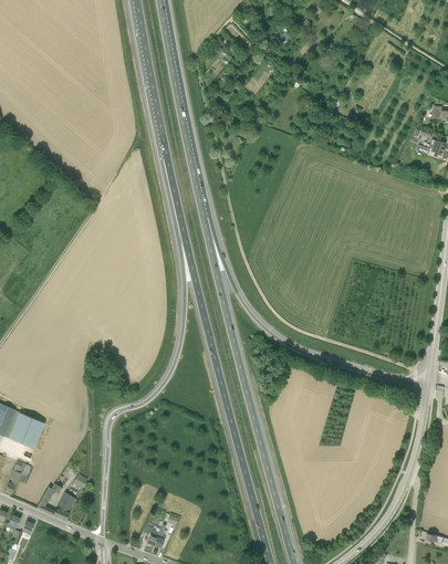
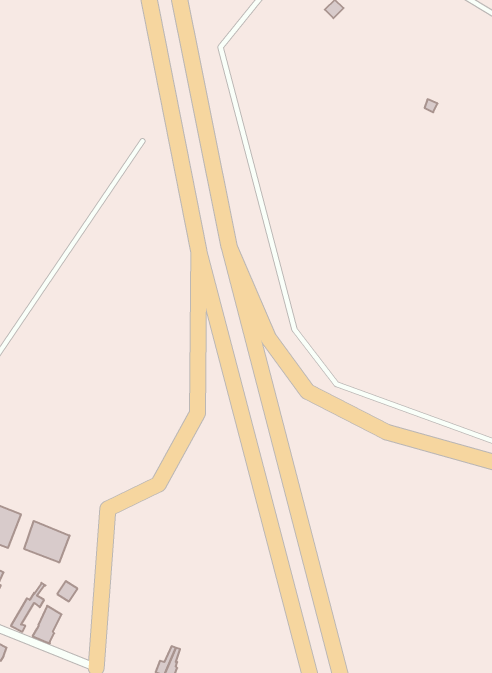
building: none -> [24,521,70,563]

